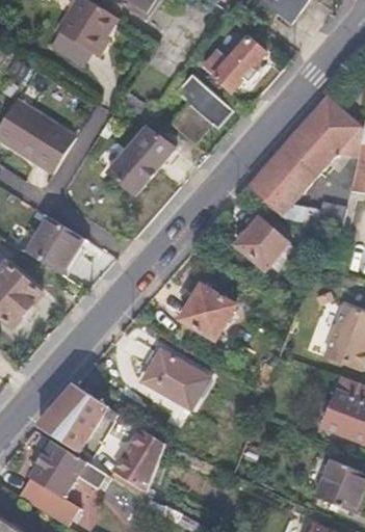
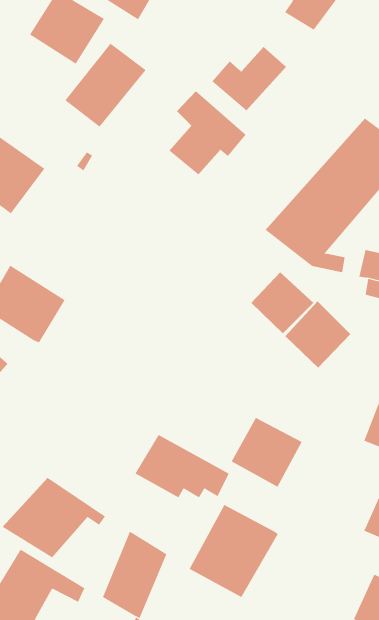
building: [106,130,172,197] -> [65,43,147,128]
building: none -> [285,301,351,368]
building: [181,283,238,339] -> [231,417,302,488]
building: none -> [189,504,279,598]

